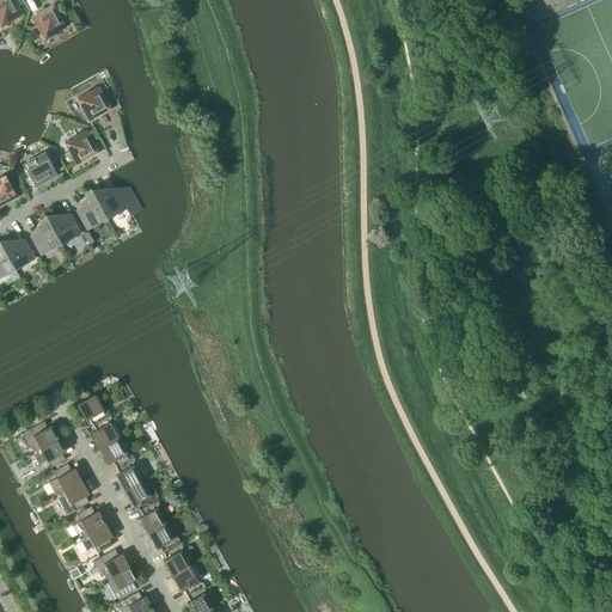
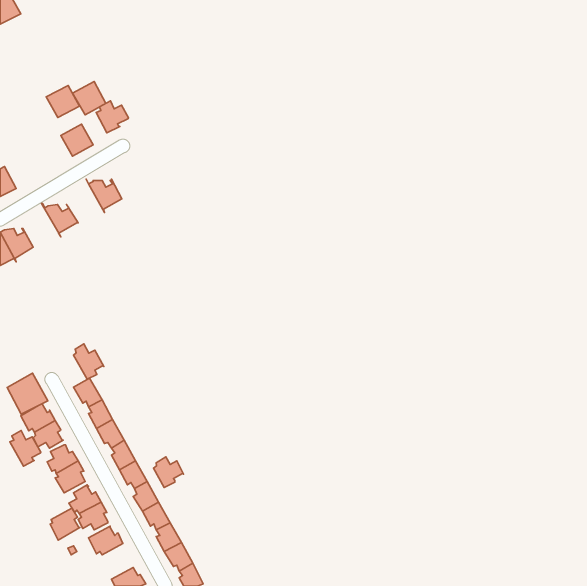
building: [31,5,66,38] -> none
building: none -> [96,101,129,133]
building: [23,152,57,185] -> [46,85,80,118]
building: [76,186,109,228] -> none
building: [30,212,63,255] -> none
building: none -> [74,344,104,379]
building: none -> [7,373,48,414]
building: none -> [10,431,41,466]
building: none -> [153,457,184,488]
building: [105,565,136,599] -> [50,508,80,540]

